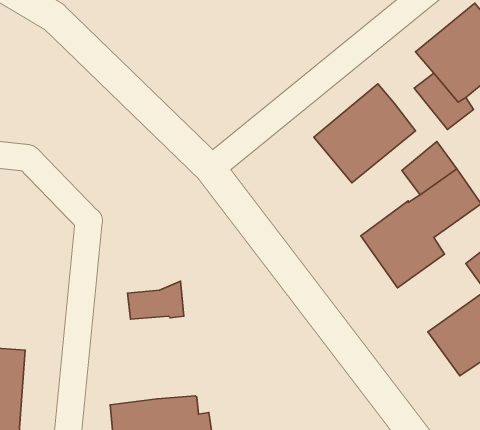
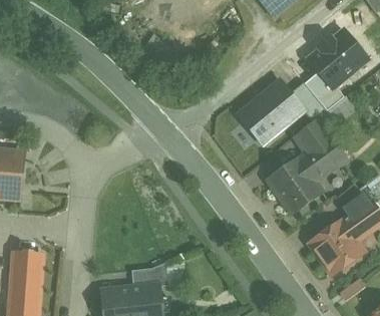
building: none -> [289,81,324,119]
building: [127,281,184,319] -> [130,261,167,286]

